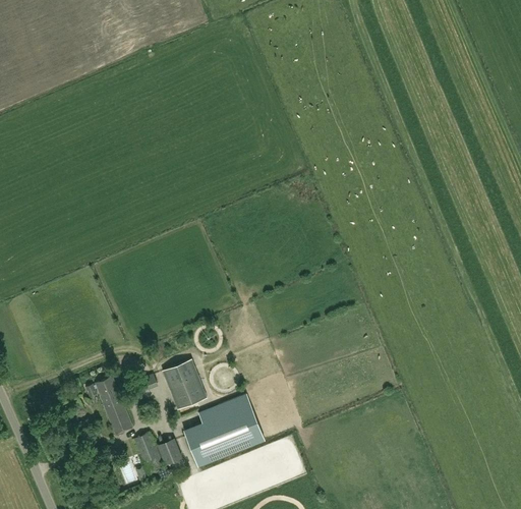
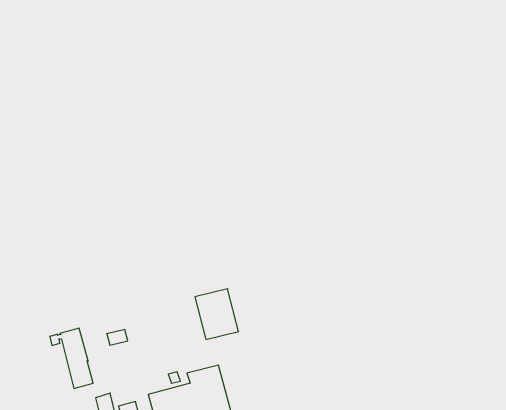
building: [163,359,208,409] -> [195,289,239,339]

